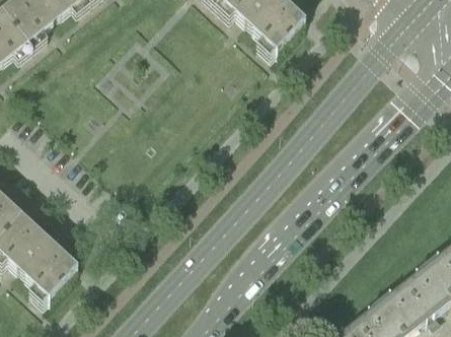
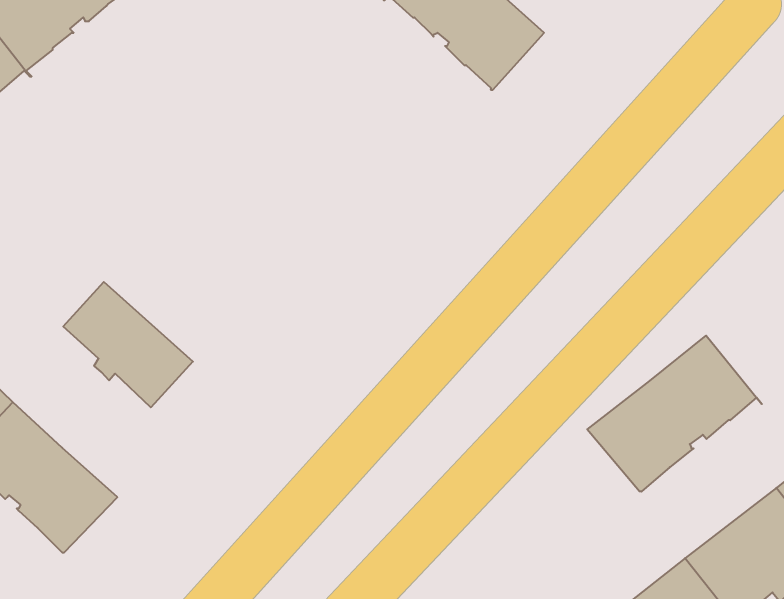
building: none -> [63,282,193,407]
building: none -> [587,336,762,492]

